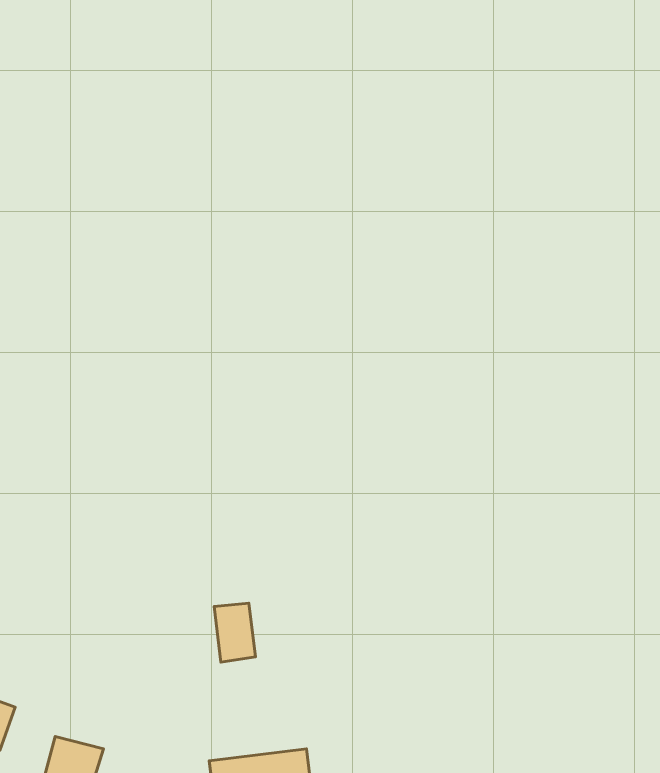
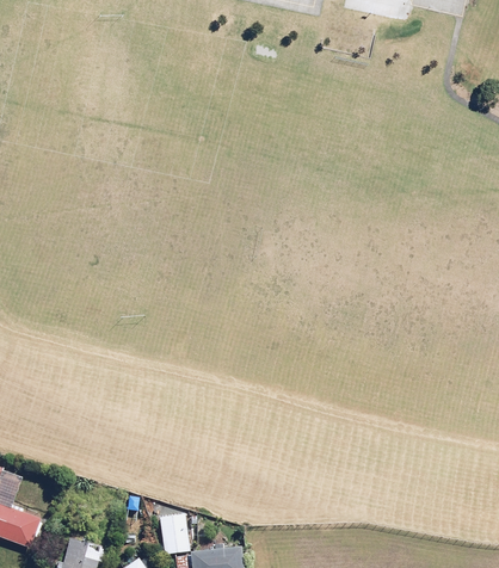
building: [214,603,256,662] -> [160,513,189,554]

